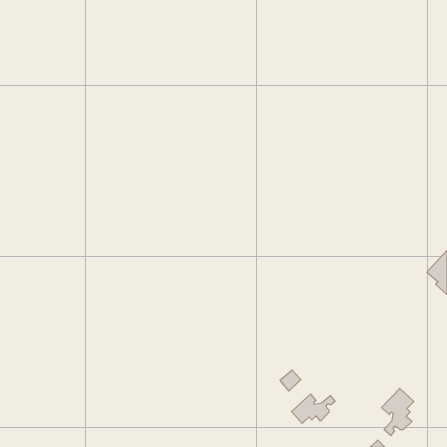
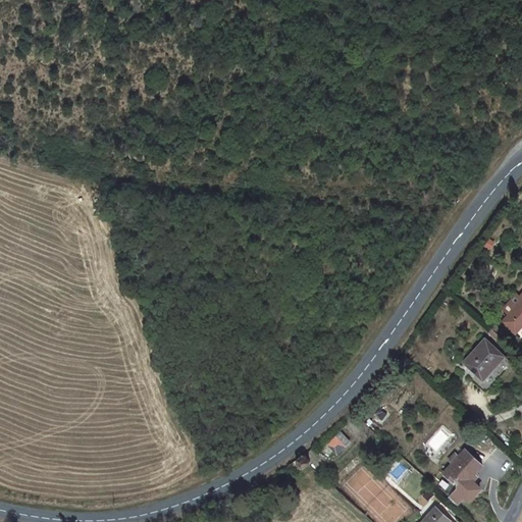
building: none -> [462,333,509,379]
building: [291,394,335,423] -> none

